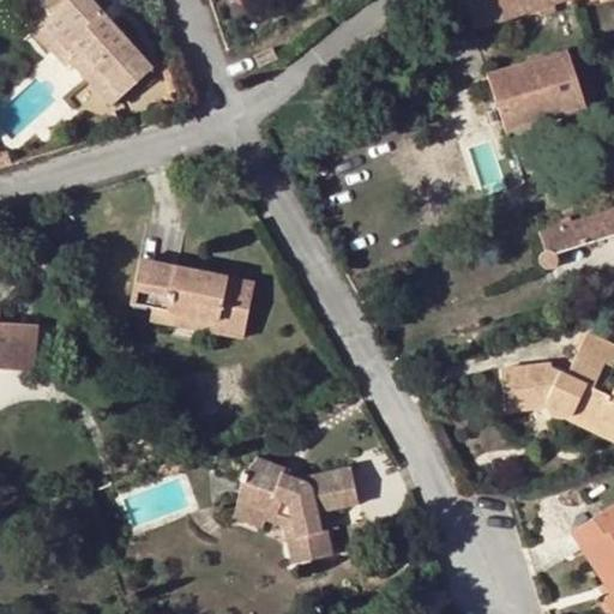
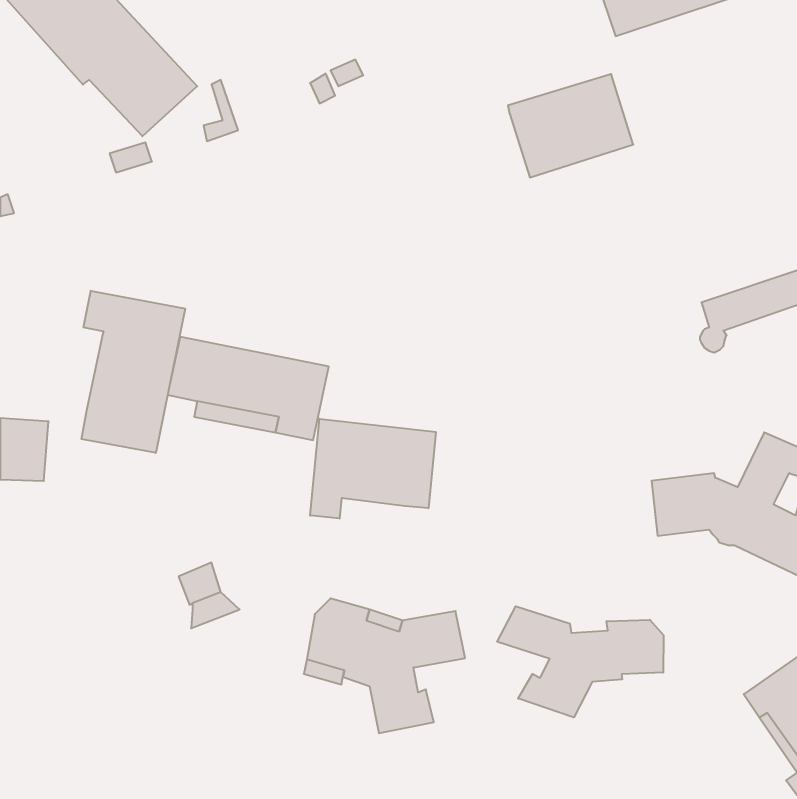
building: [489,50,585,130] -> [508,74,633,177]
building: none -> [81,291,185,453]
building: none -> [310,419,436,519]
building: none -> [497,606,663,717]

